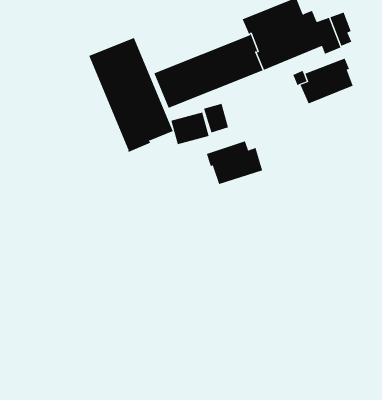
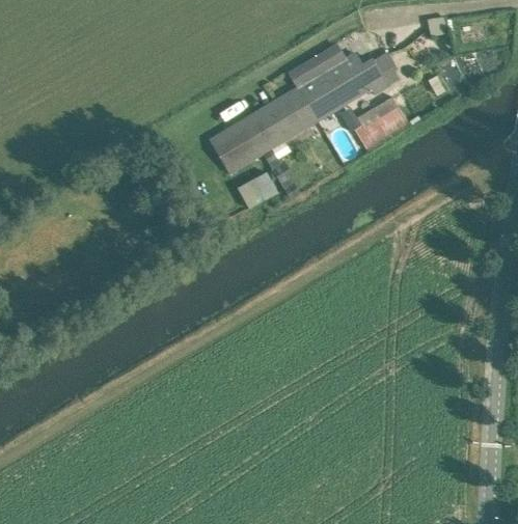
building: [88,37,174,153] -> none
building: [206,140,263,185] -> none

